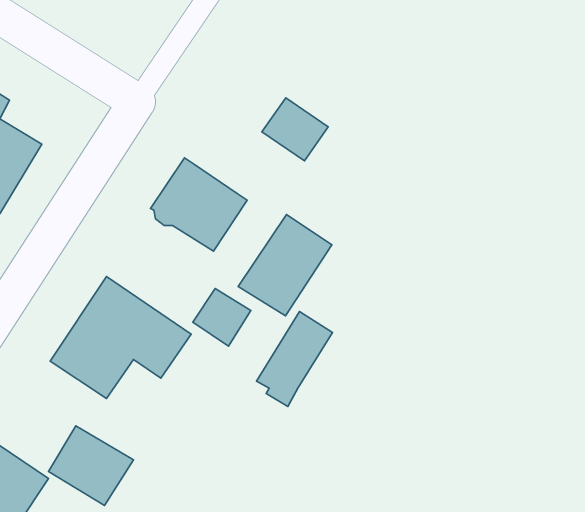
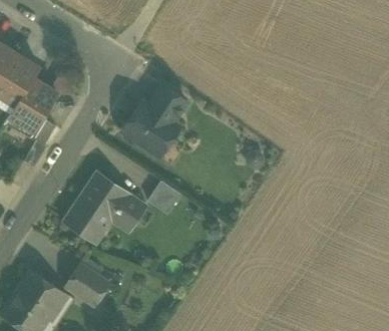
building: [262,98,328,161] -> [147,85,186,122]
building: [238,215,332,316] -> none
building: [256,312,333,407] -> none

